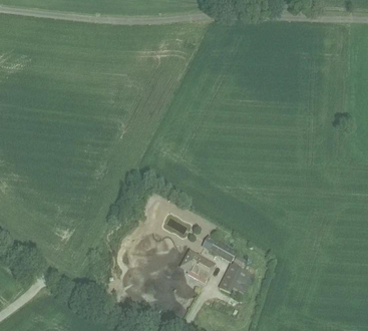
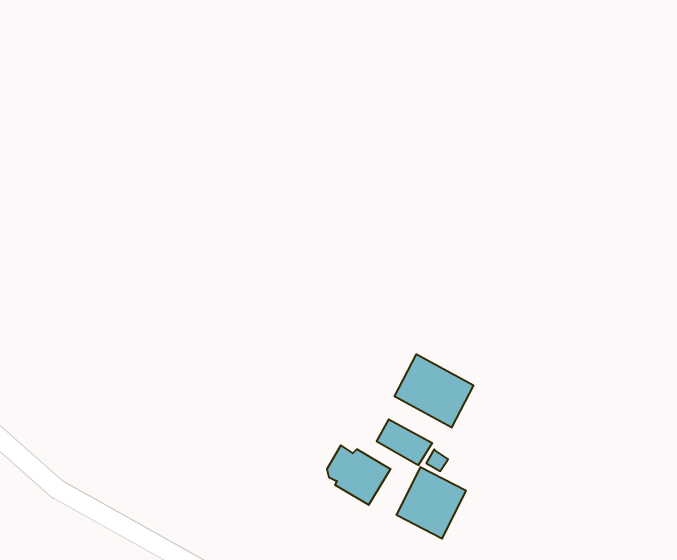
building: none -> [395,354,473,428]

